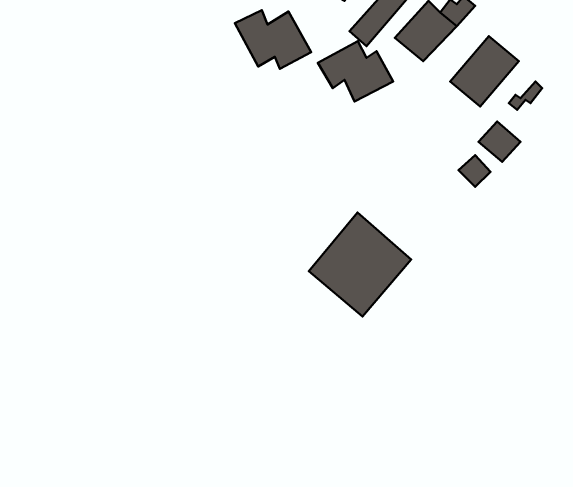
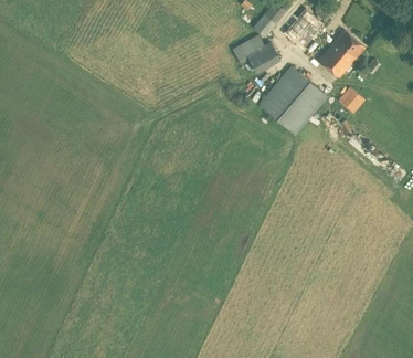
building: [235,10,311,69] -> none
building: [309,213,411,317] -> [258,66,326,135]

